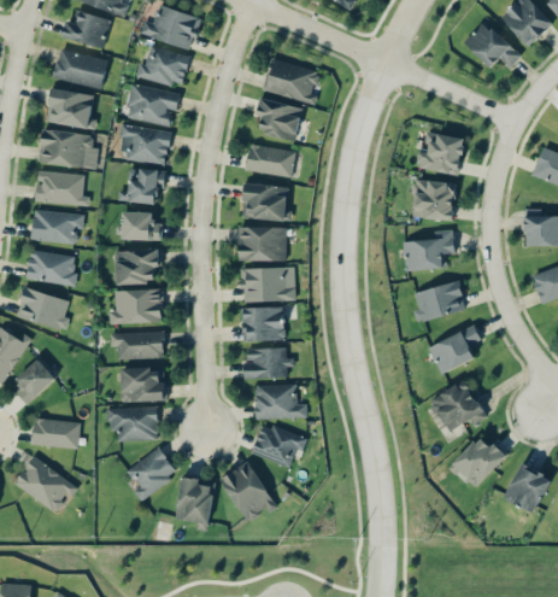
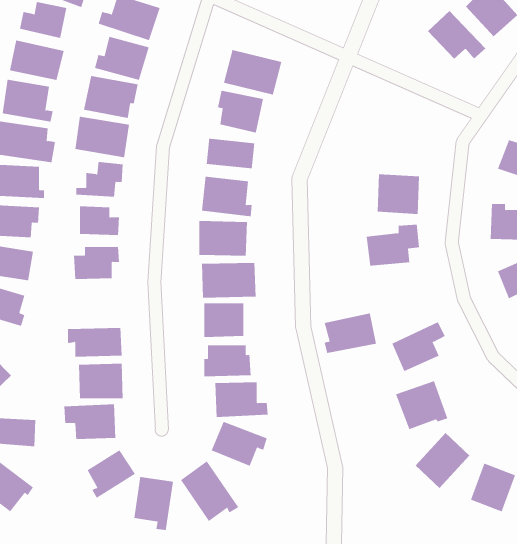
building: [416,133,465,175] -> none
building: [413,281,465,321] -> [324,313,377,354]
building: [108,288,163,323] -> none

